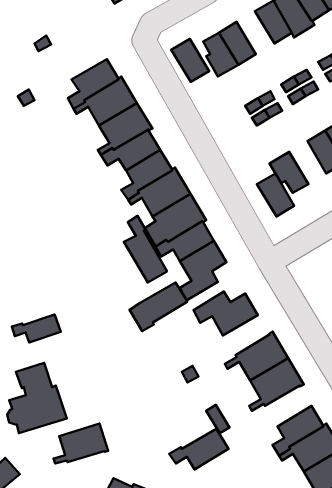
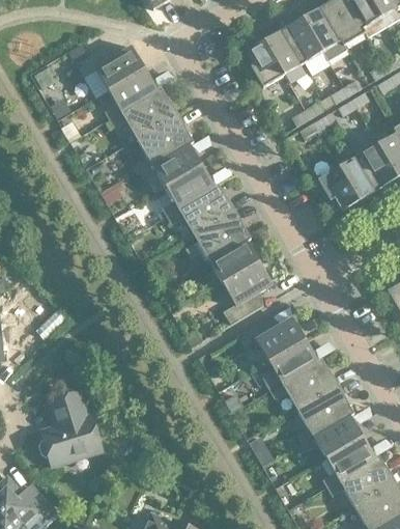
building: none -> [77,44,145,89]
building: [171,39,209,82] -> [283,17,323,62]
building: [257,174,294,217] -> [339,155,378,200]
building: [124,216,167,283] -> none
building: [130,282,187,331] -> [257,339,318,391]
building: [12,314,61,342] -> none
building: [53,424,108,464] -> none
building: [169,428,229,470] -> [299,414,363,457]

